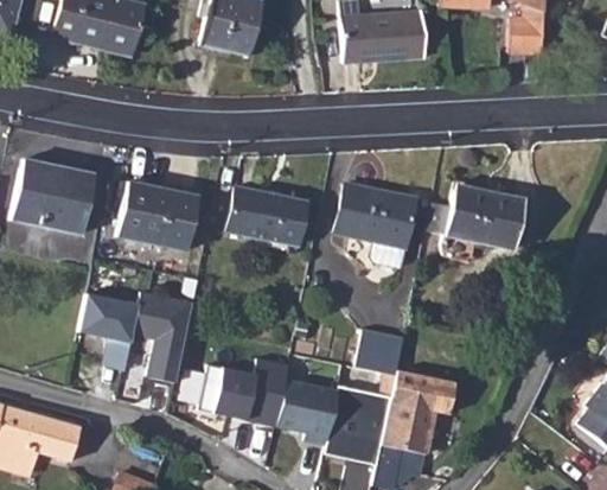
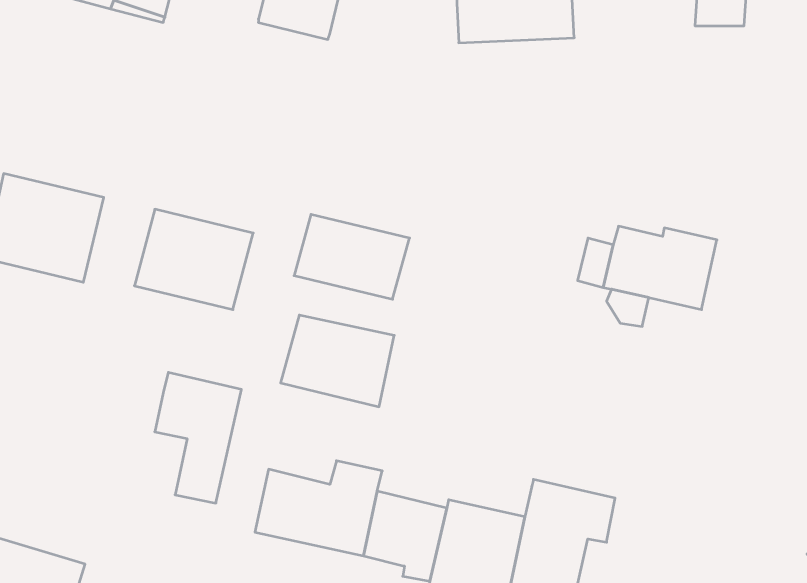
building: [337,184,416,248] -> [281,315,394,407]
building: [78,297,136,375] -> none
building: [354,326,402,374] -> none

